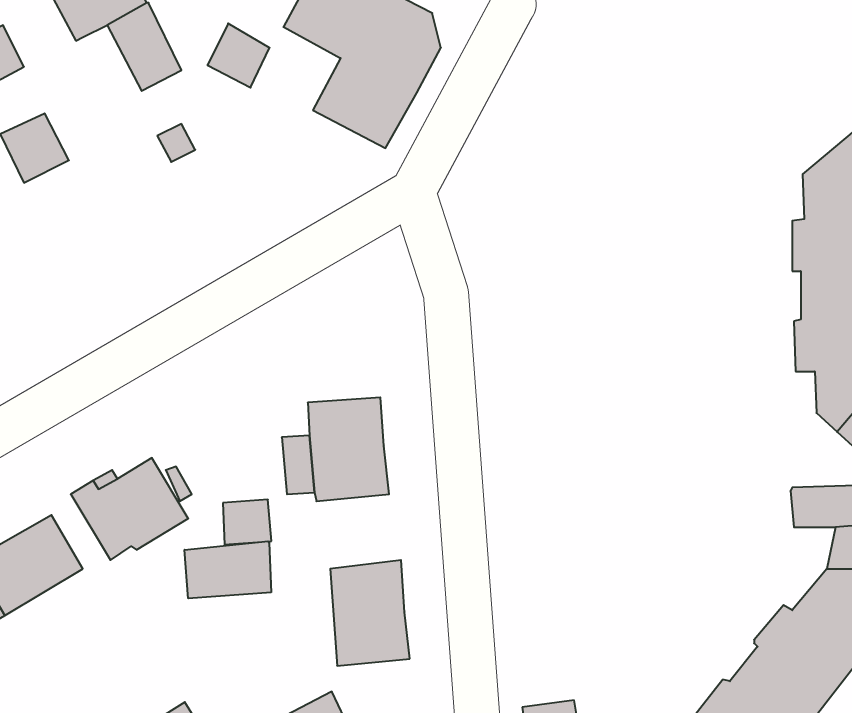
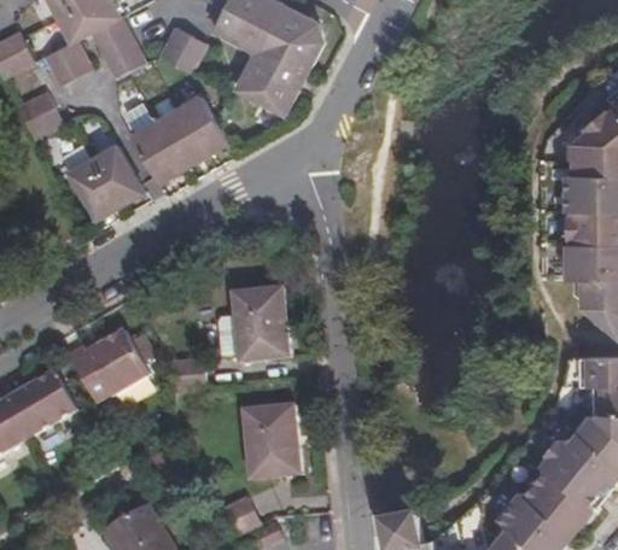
building: none -> [42,39,89,84]
building: none -> [135,98,231,185]
building: none -> [72,145,146,218]
building: [185,541,271,598] -> none

